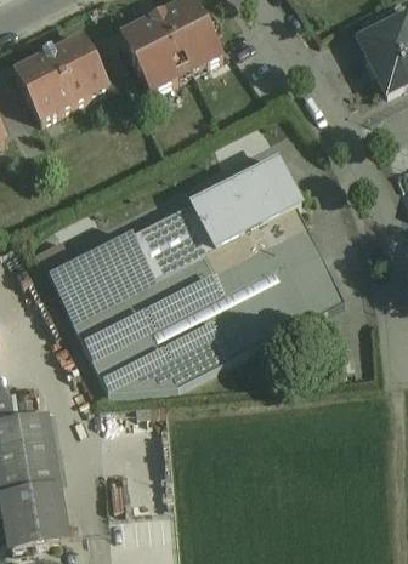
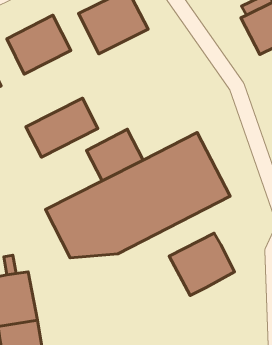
building: [193,159,301,247] -> none
building: [49,233,155,320] -> [26,98,98,157]
building: none -> [169,233,235,296]

